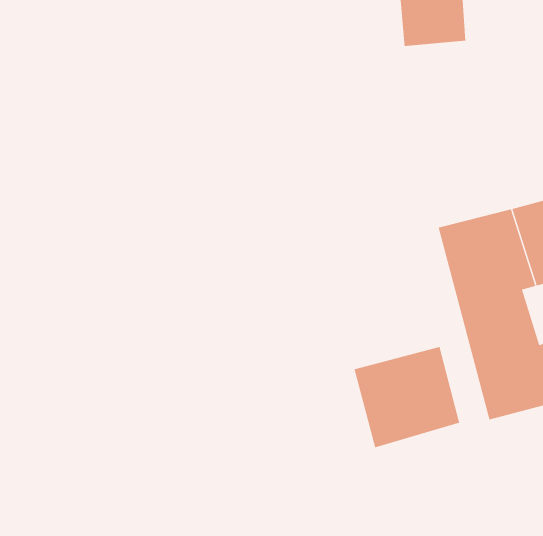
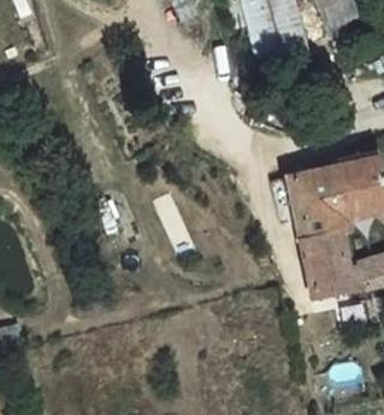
building: [354,346,460,448] -> none

